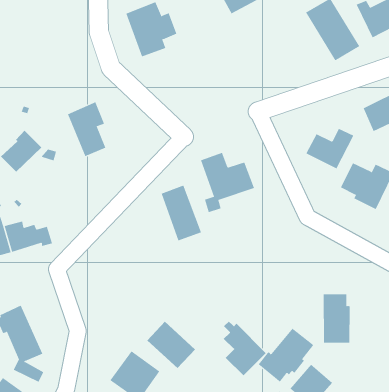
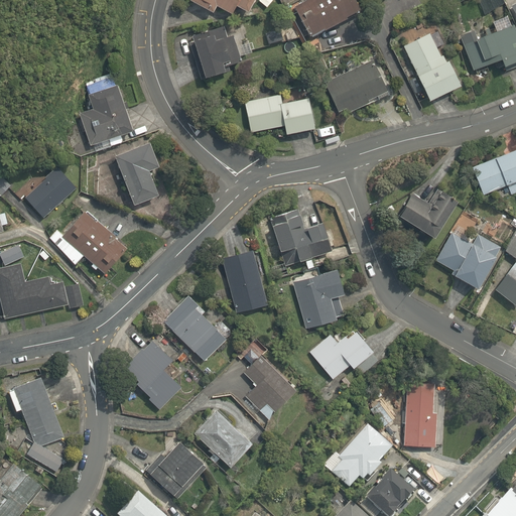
building: none -> [331,62,396,119]
building: none -> [82,75,135,144]
building: none -> [248,93,325,141]
building: none -> [52,212,129,274]
building: none -> [292,267,342,328]
building: none -> [159,291,227,362]
building: none -> [309,326,370,378]
building: none -> [118,335,180,410]
building: [223,321,267,376] -> [241,349,292,416]

